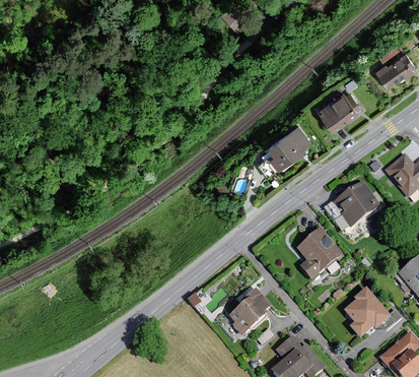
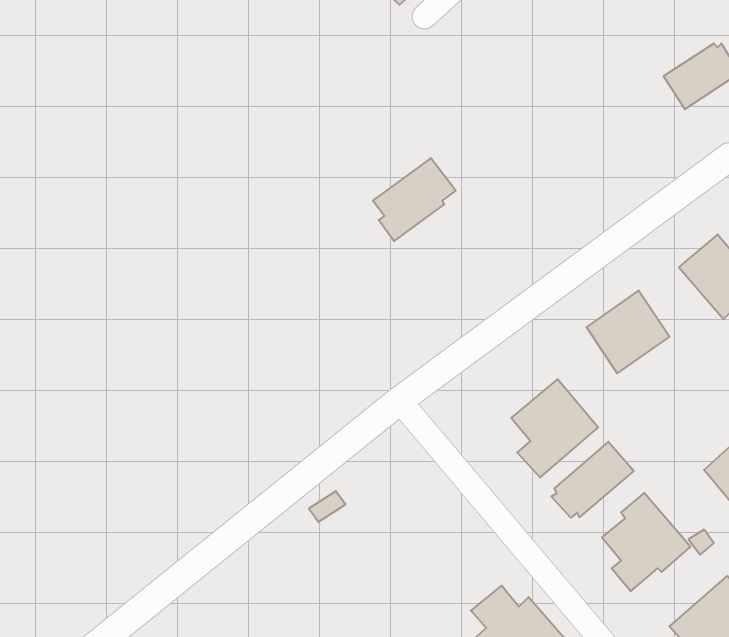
building: [318,90,360,130] -> none
building: [268,124,311,168] -> [373,158,456,241]
building: none -> [551,442,634,518]
building: [228,289,271,336] -> none

